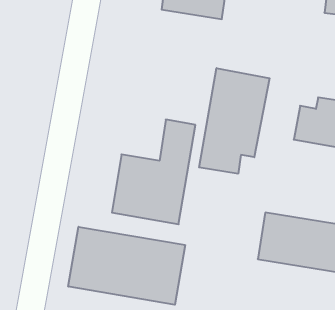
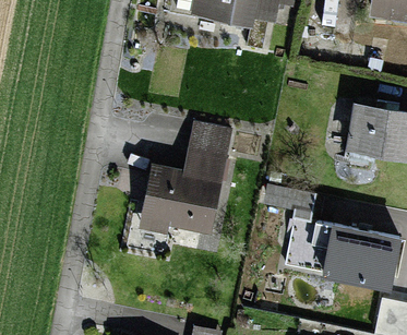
building: [199,68,270,174] -> none
building: [68,227,185,305] -> none

